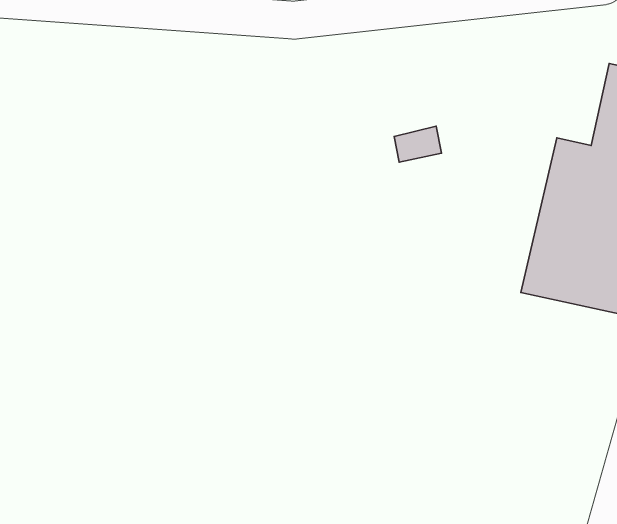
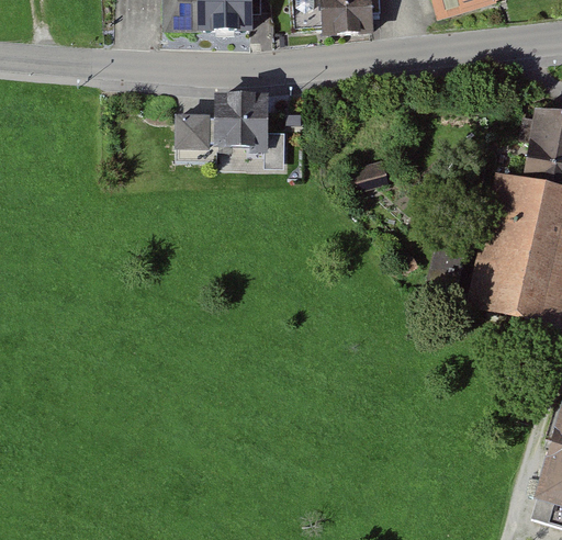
building: none -> [180,97,289,154]

